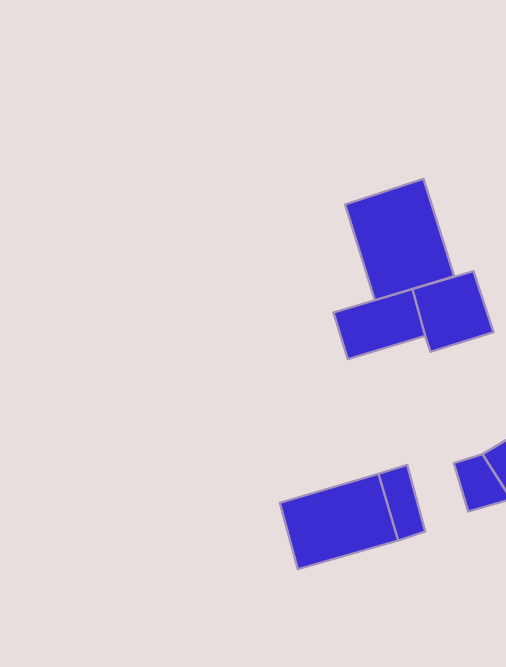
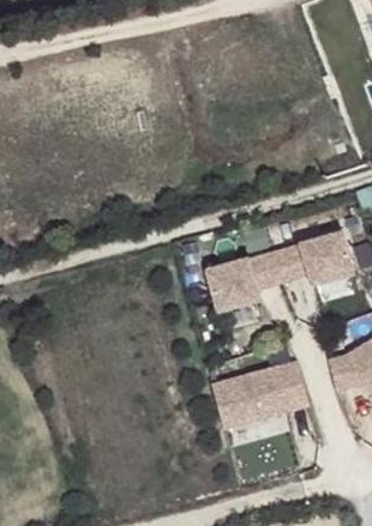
building: [345,179,454,300] -> none
building: none -> [204,260,257,314]

